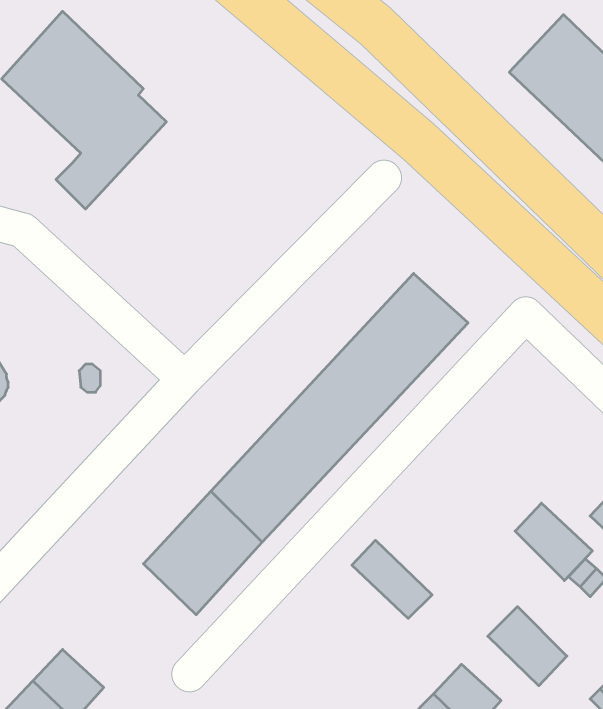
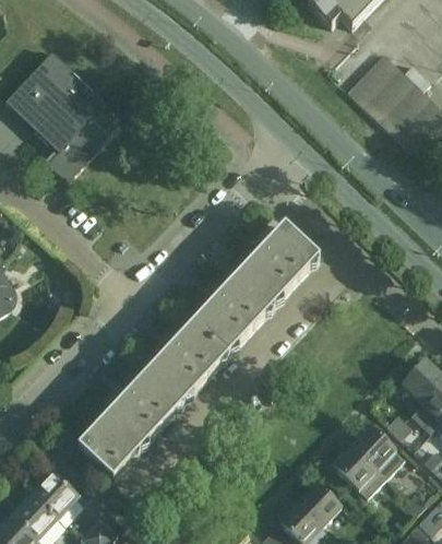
building: [515,503,592,581] -> [351,426,403,477]
building: [352,540,432,618] -> none
building: none -> [76,416,139,478]

